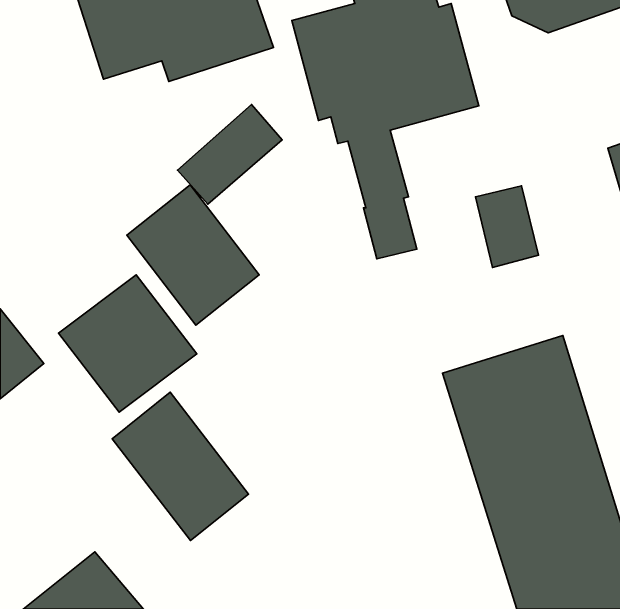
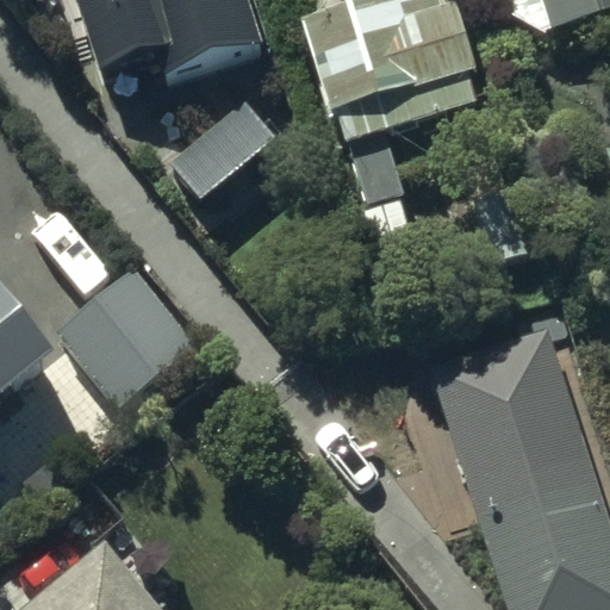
building: [127,185,259,325] -> none
building: [112,392,248,541] -> none

